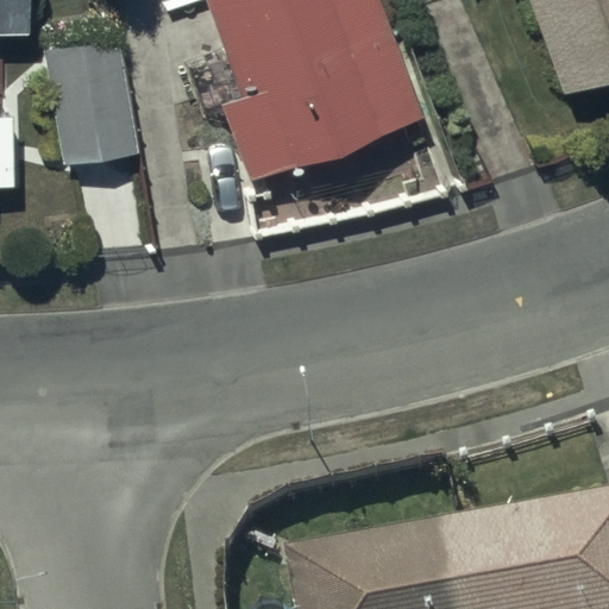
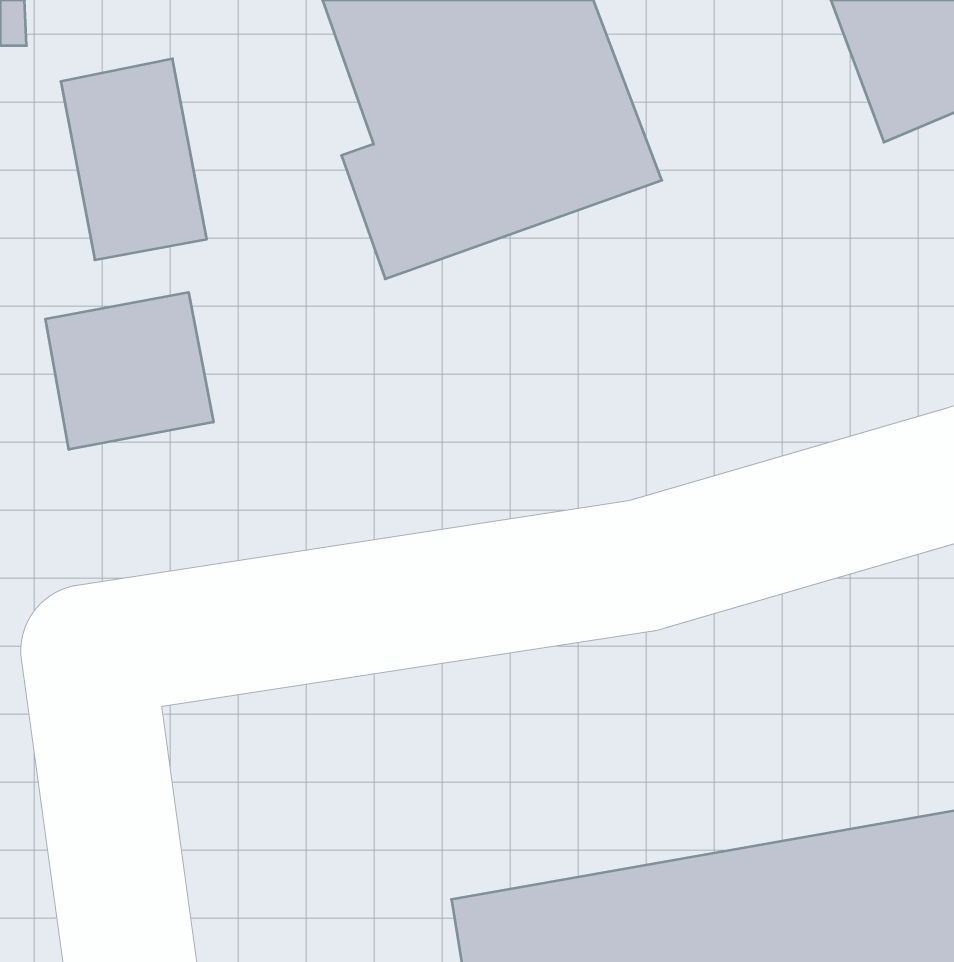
building: none -> [45,292,213,450]

